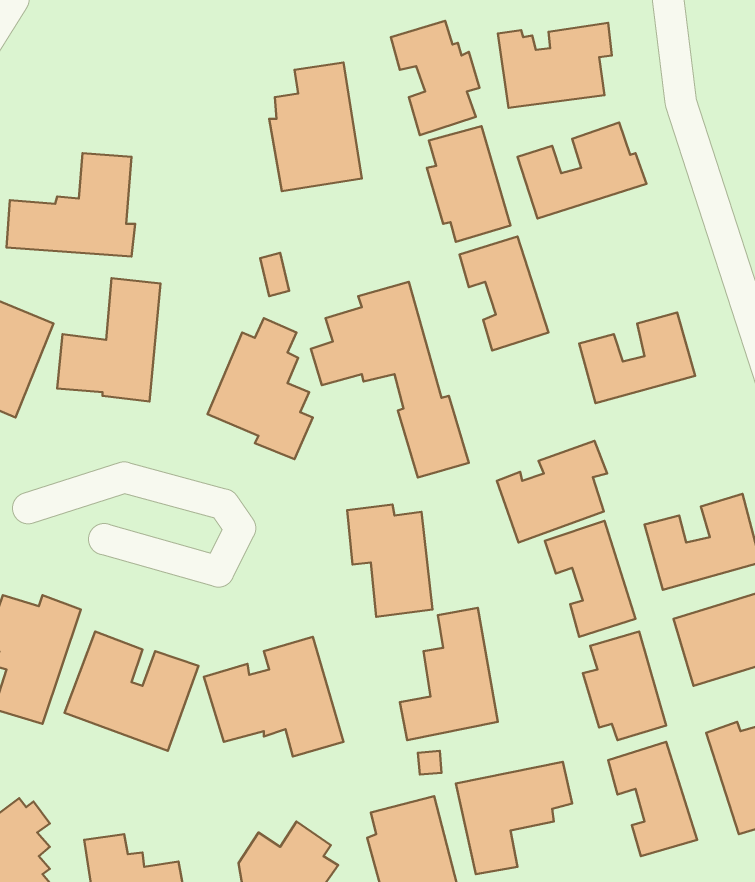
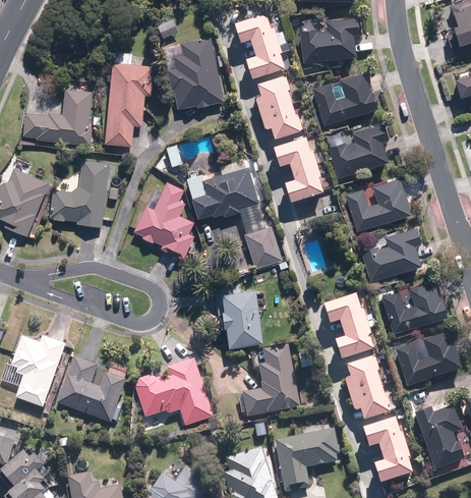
building: none -> [106,61,153,147]
building: none -> [326,120,392,178]
building: [497,441,607,542] -> [362,227,424,284]

